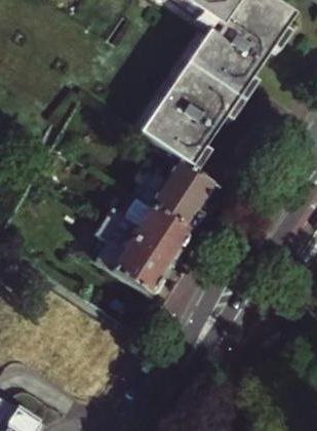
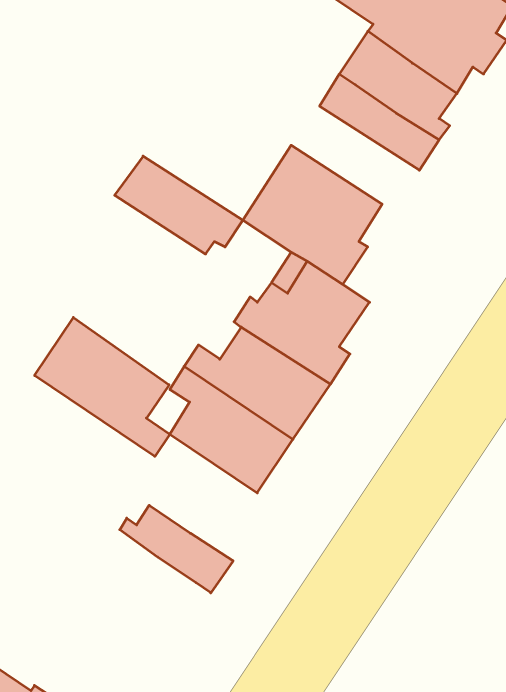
building: [168,70,242,126] -> [115,156,243,254]
building: none -> [35,317,170,456]
building: none -> [120,505,233,593]

